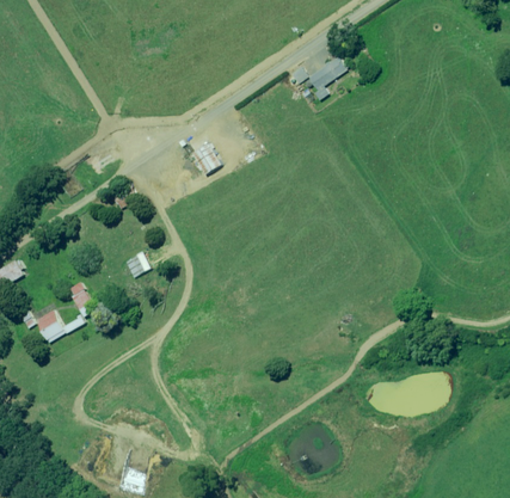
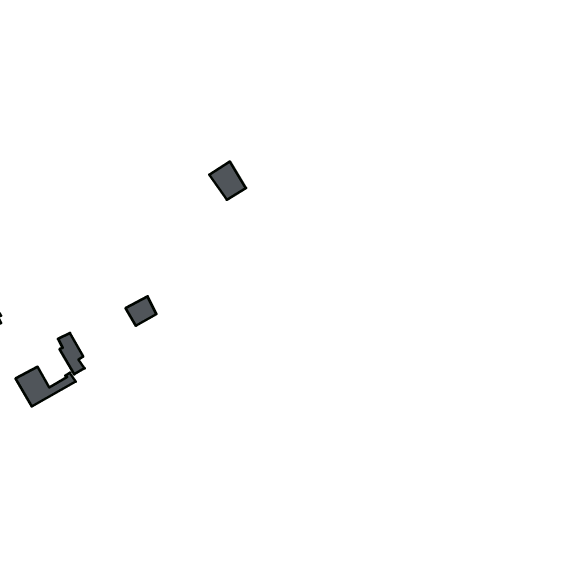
building: [309,56,348,99] -> none

